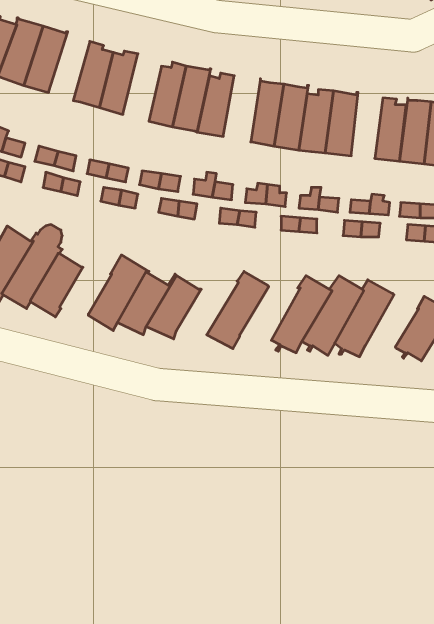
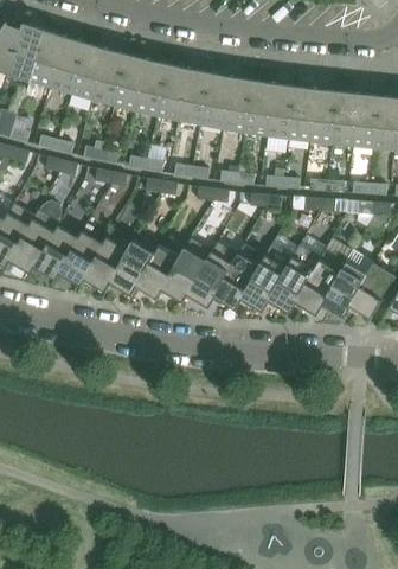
building: none -> [50,39,85,94]
building: none -> [114,53,148,111]
building: none -> [200,72,231,129]
building: none -> [310,89,338,143]
building: none -> [59,230,104,286]
building: none -> [160,237,213,301]
building: none -> [214,242,267,309]
building: none -> [322,261,368,317]

